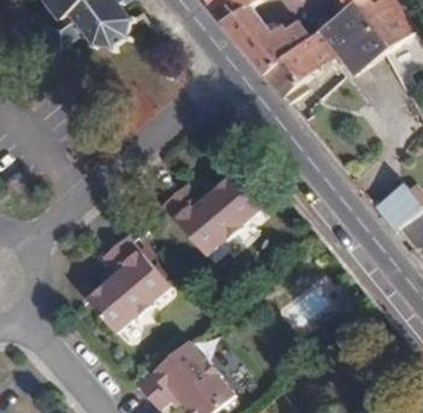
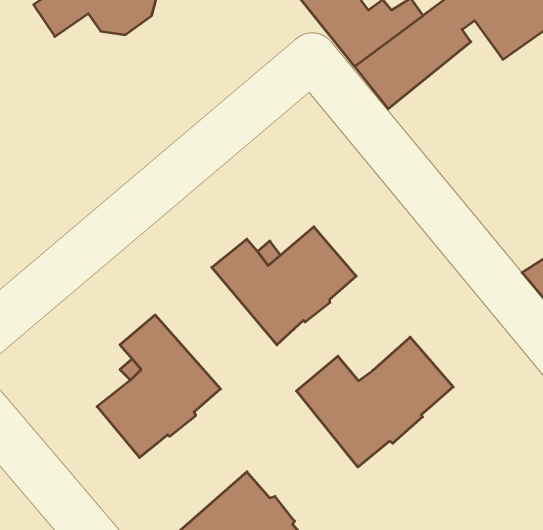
building: none -> [296,337,453,467]

